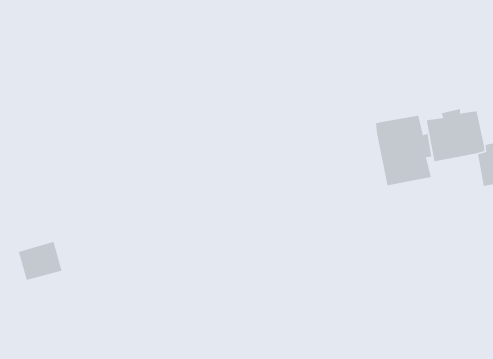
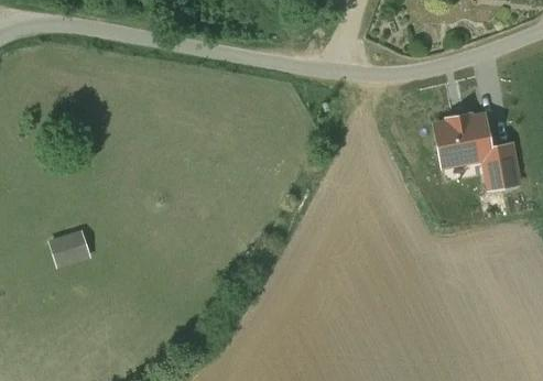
building: [375,115,432,186] -> none

